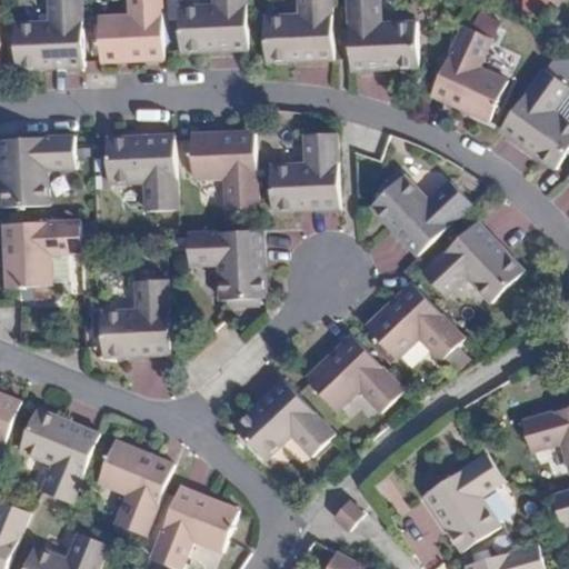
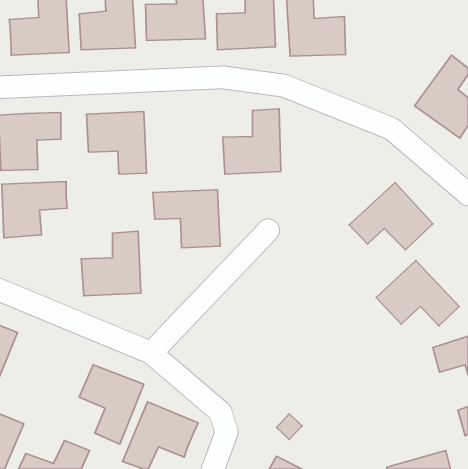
building: [430,23,507,120] -> none
building: [188,130,257,209] -> none
building: [369,173,470,256] -> none
building: [365,281,465,360] -> [376,261,459,326]
building: [303,333,403,411] -> none
building: [233,379,335,458] -> none
building: [17,407,100,502] -> none
building: [425,451,505,550] -> none

